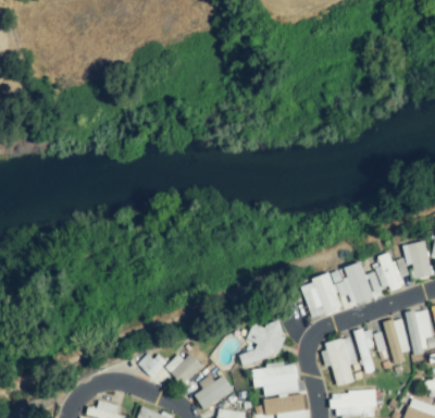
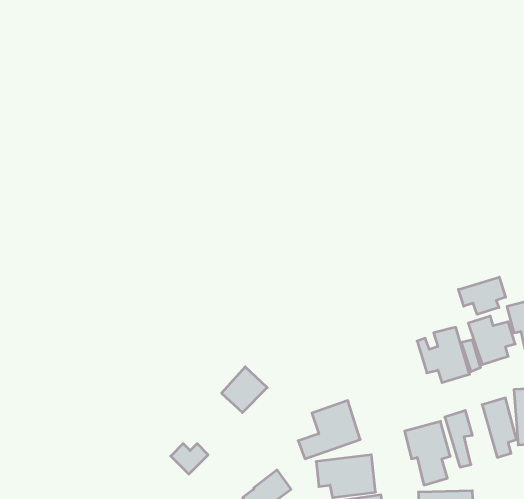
building: none -> [458,277,506,314]
building: [302,273,341,319] -> none
building: [167,349,203,385] -> [222,367,267,413]

